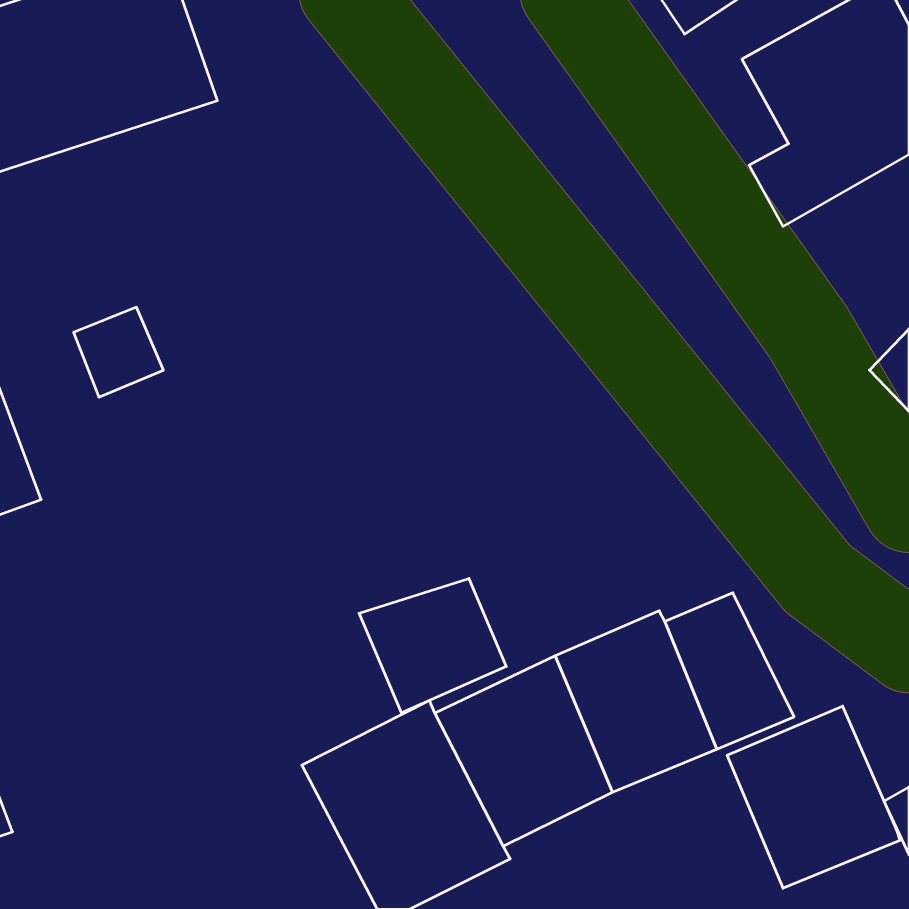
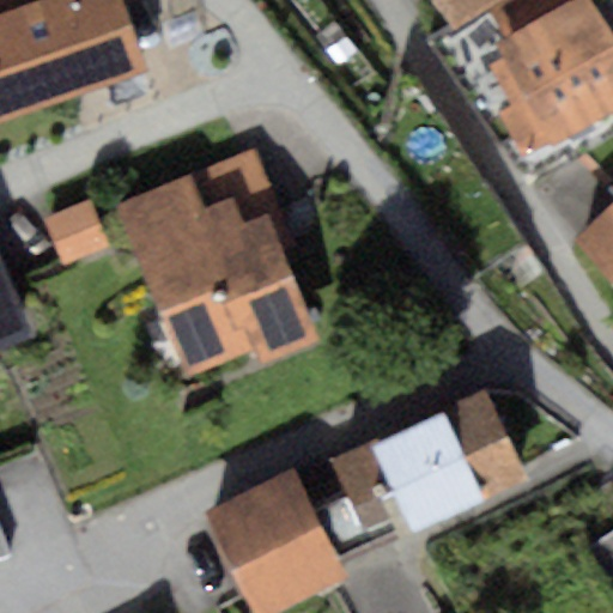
building: none -> [114,174,317,375]
building: [359,578,506,713] -> none
building: [727,706,900,888] -> none

